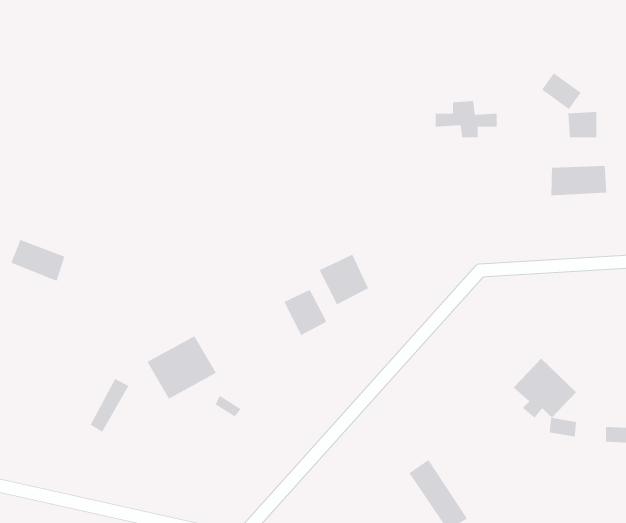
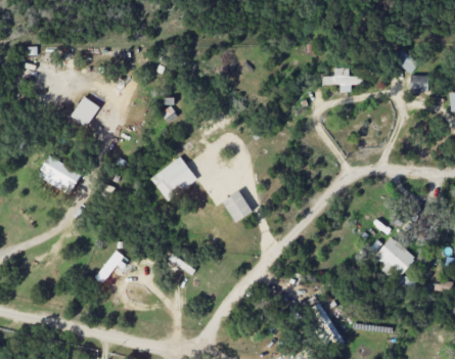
building: none -> [71,96,100,127]
building: [551,165,607,196] -> none
building: [319,254,369,305] -> none
building: [147,335,217,399] -> [150,158,196,199]

